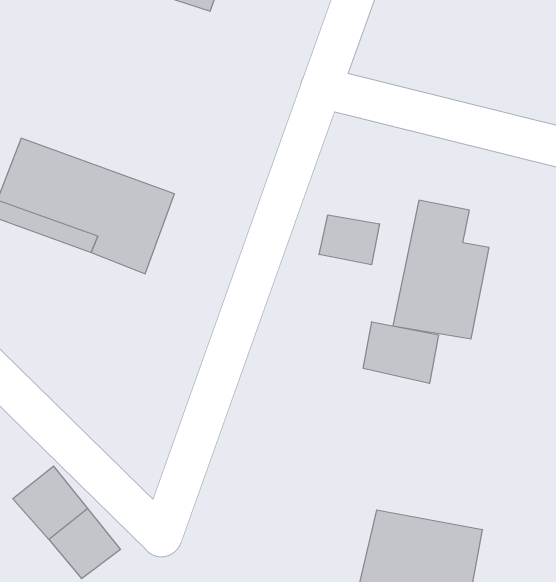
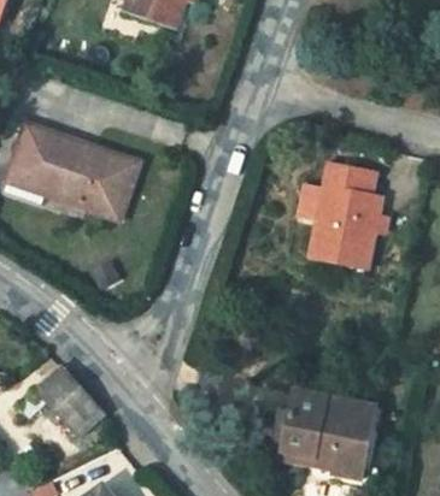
building: [319,215,379,265] -> none
building: [363,322,439,384] -> none

